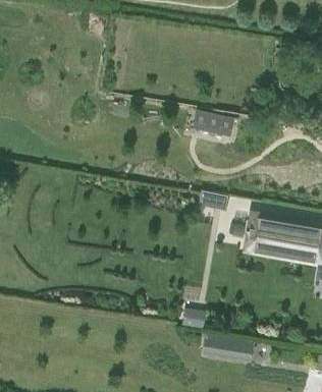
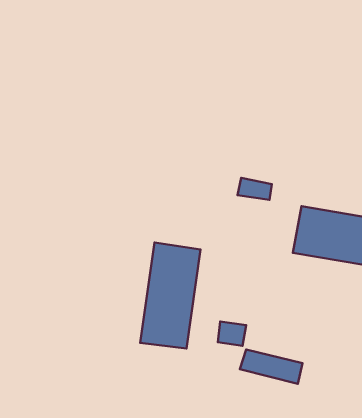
building: [194,108,234,133] -> none
building: none -> [140,243,200,349]

